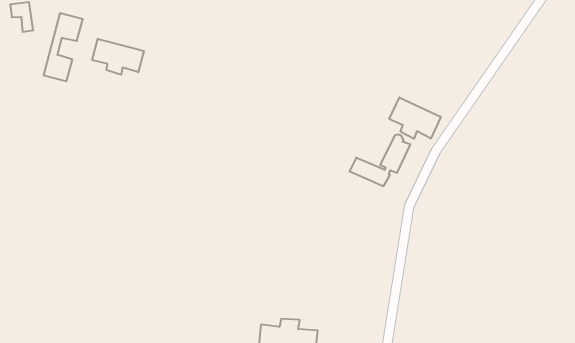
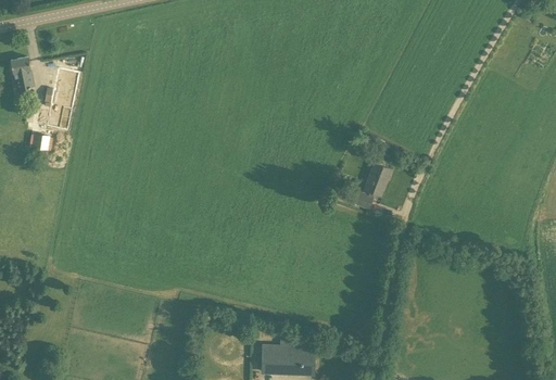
building: [92,39,144,75] -> none
building: [389,97,441,139] -> none

